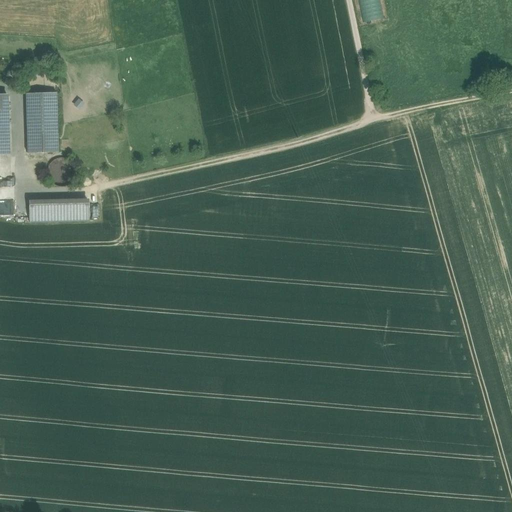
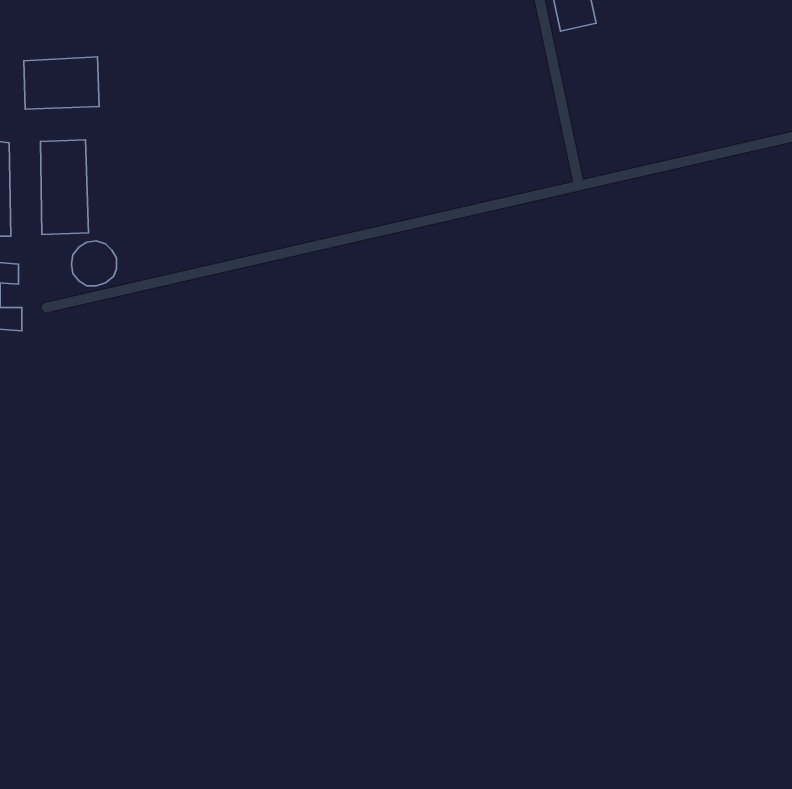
building: none -> [24,57,99,109]
building: [28,201,88,220] -> none

